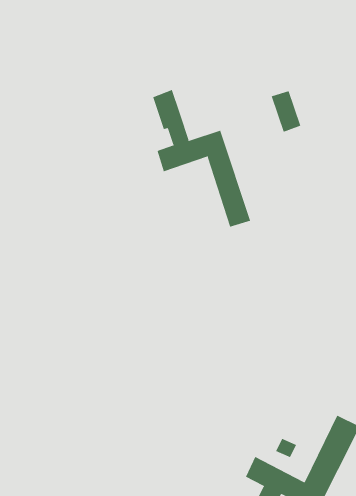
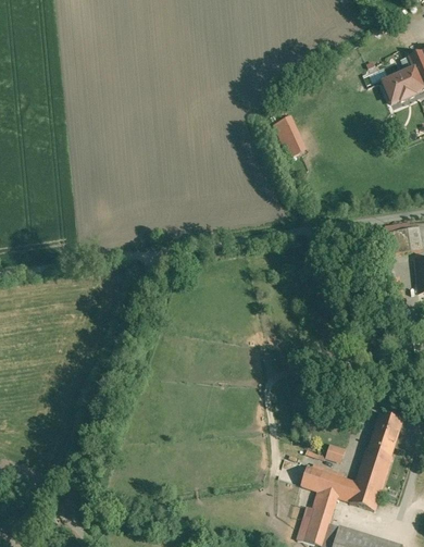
building: [152,89,251,228] -> none

